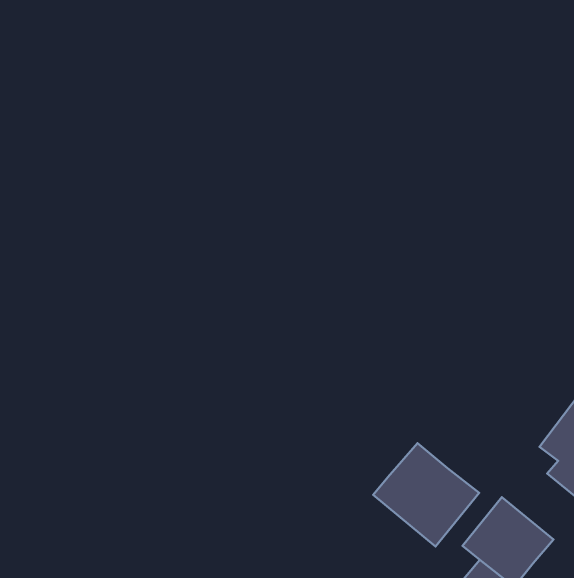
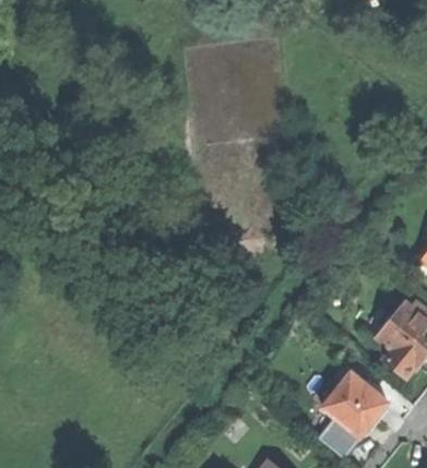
building: [373,443,479,546] -> none

